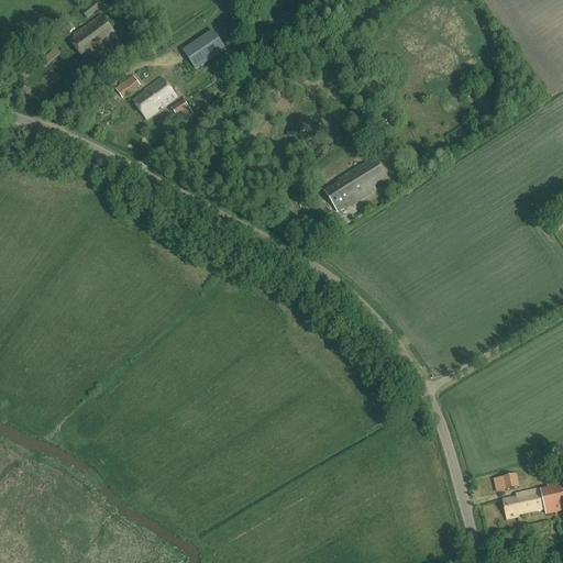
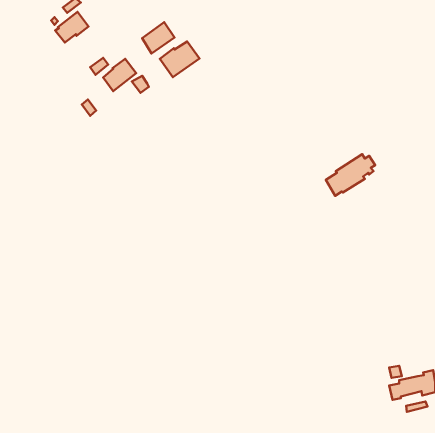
building: none -> [160,41,200,77]
building: [325,156,389,210] -> [326,154,375,196]

